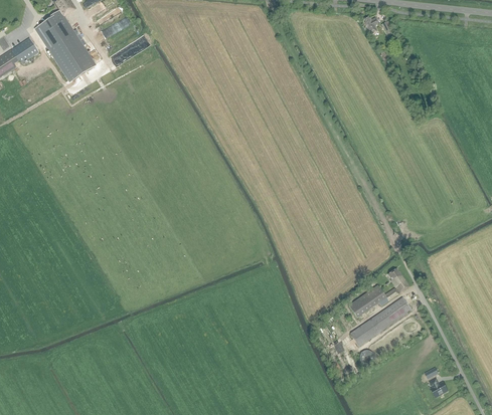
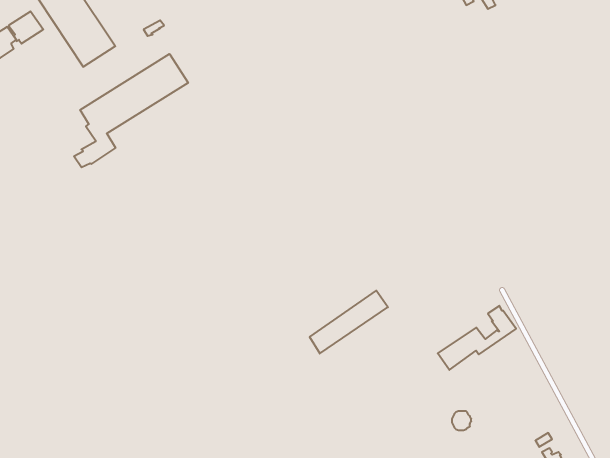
building: none -> [74,54,188,167]
building: [350,296,412,346] -> [310,291,388,354]

